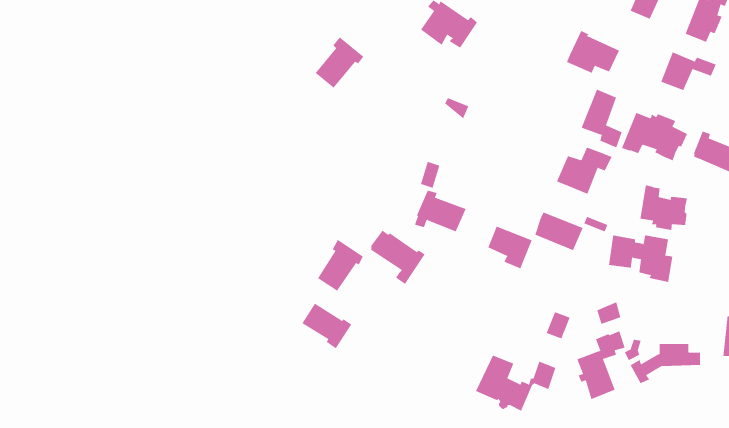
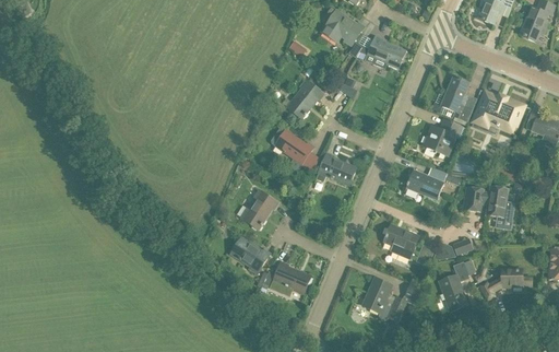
building: [566,30,620,74] -> [365,35,405,68]
building: [315,37,364,89] -> [286,79,323,118]
building: [661,52,717,91] -> none
building: [640,184,687,231] -> none
building: [488,226,532,269] -> [383,224,417,257]
building: [371,230,426,285] -> [271,127,312,168]
building: none -> [270,260,310,295]

